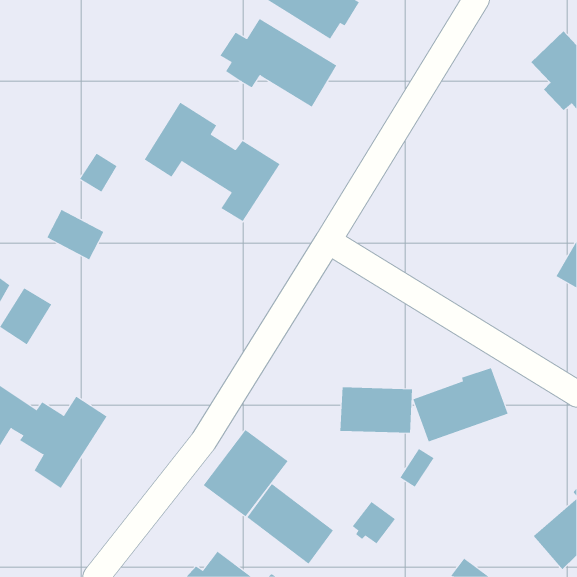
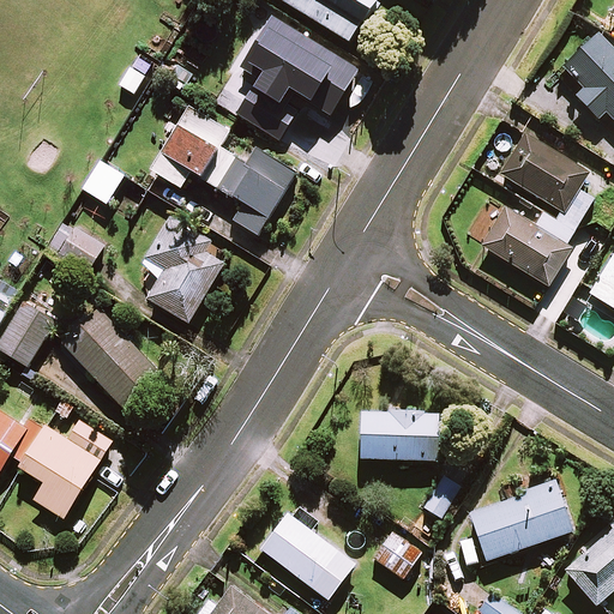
building: none -> [225,86,300,140]
building: none -> [499,133,586,212]
building: none -> [481,205,572,287]
building: none -> [144,218,224,323]
building: none -> [64,309,161,408]
building: [412,367,509,442] -> [470,480,572,559]
building: [203,429,288,517] -> none

